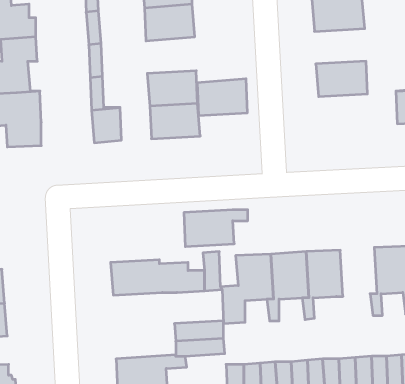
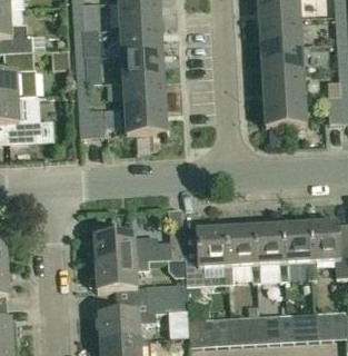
building: none -> [260,43,302,72]
building: [197,79,247,115] -> [122,50,163,80]
building: none -> [264,97,306,126]
building: [184,210,248,247] -> [96,259,148,289]
building: none -> [278,222,311,279]

